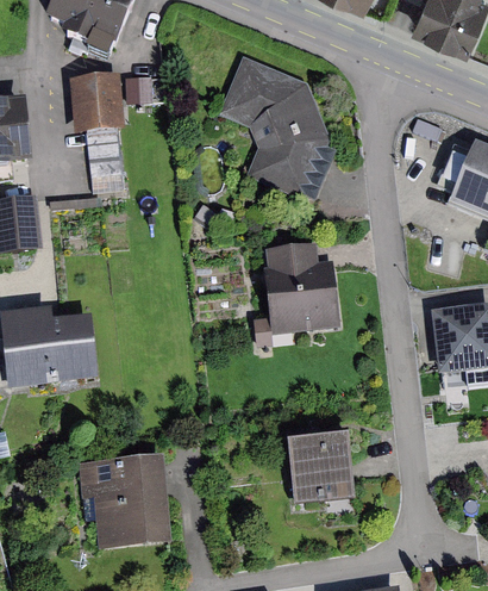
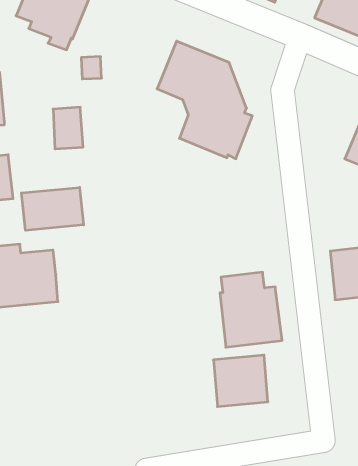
building: [69,75,124,133] -> none
building: none -> [21,187,84,230]
building: [263,241,339,332] -> [220,272,282,347]
building: [77,450,170,543] -> none

